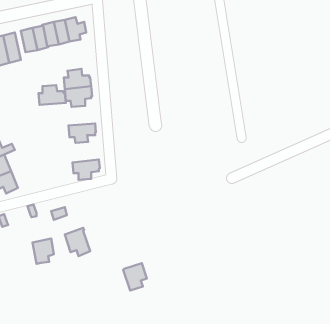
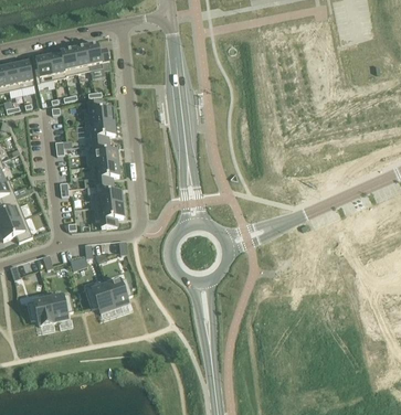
building: [39,85,66,105] -> [87,140,118,162]
building: none -> [91,181,123,204]
building: none -> [25,295,52,322]
building: [123,263,147,290] -> [105,274,131,305]

